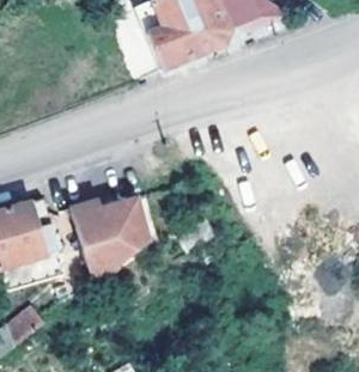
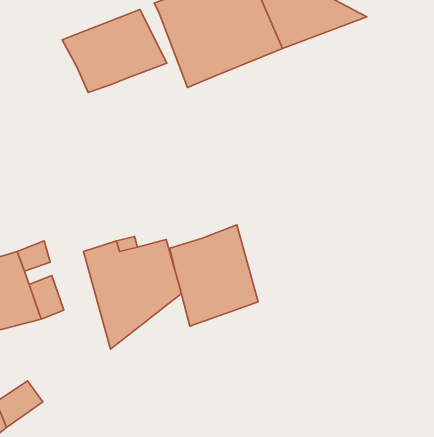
building: none -> [62,9,167,93]
building: none -> [170,225,258,326]

